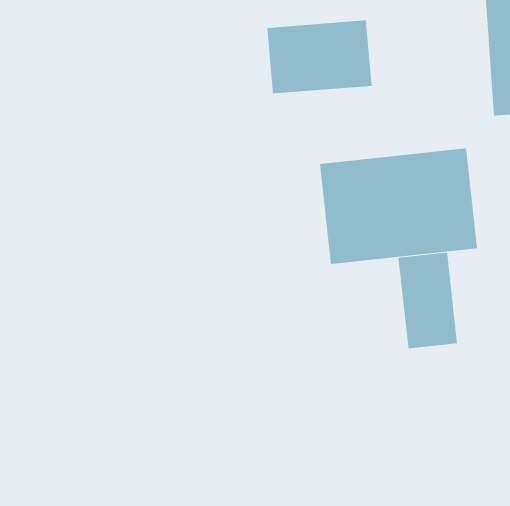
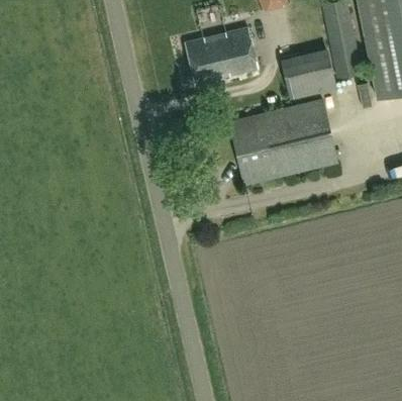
building: none -> [281,48,337,99]
building: [398,252,458,349] -> none

